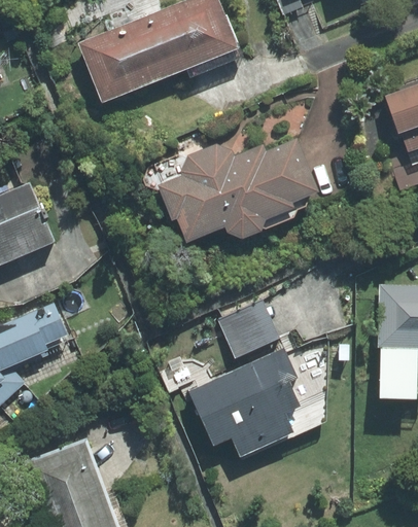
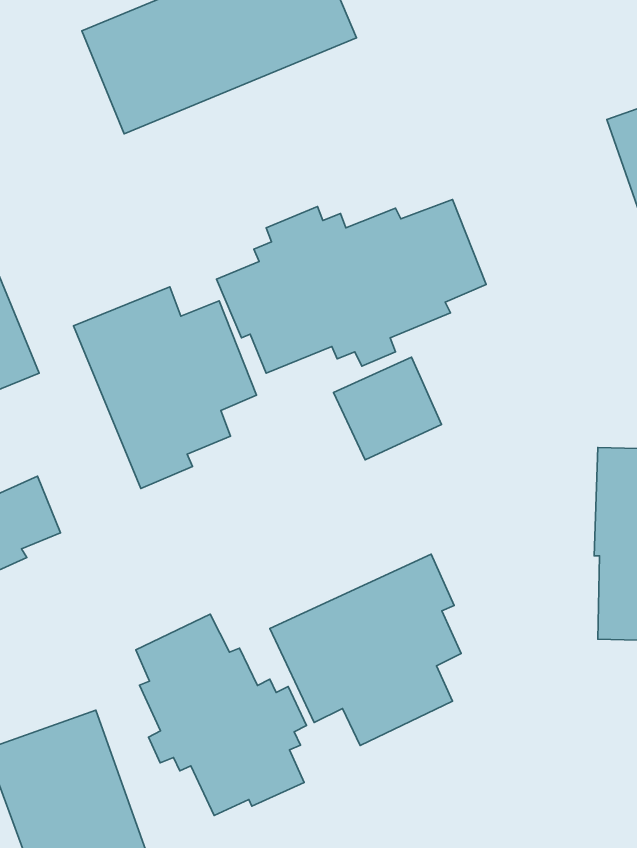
building: none -> [73,287,257,489]
building: [215,300,278,359] -> [333,357,442,460]
building: none -> [136,614,306,815]

